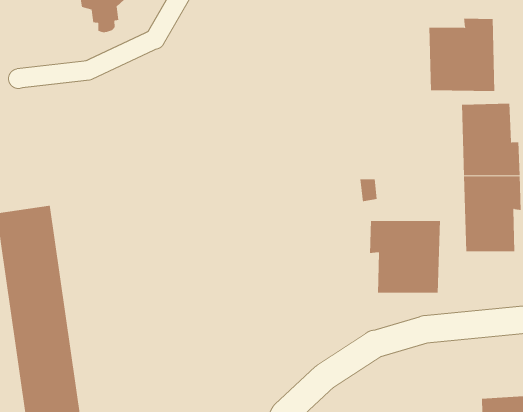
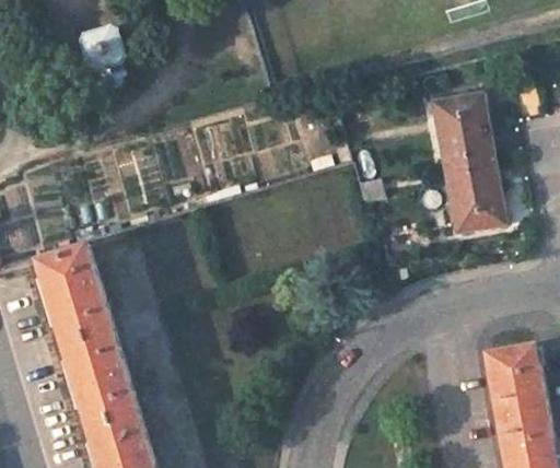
building: [429,18,495,92] -> none
building: [370,220,441,294] -> none

